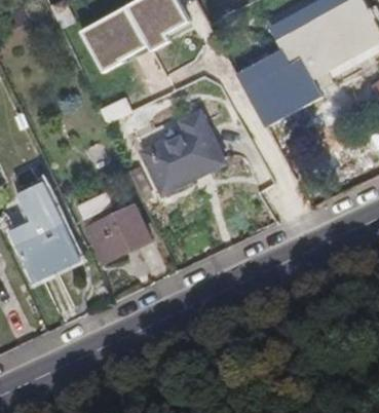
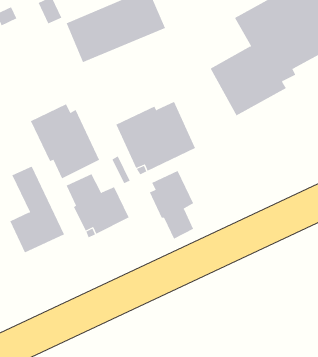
building: none -> [30,103,100,179]
building: none -> [149,170,194,239]

